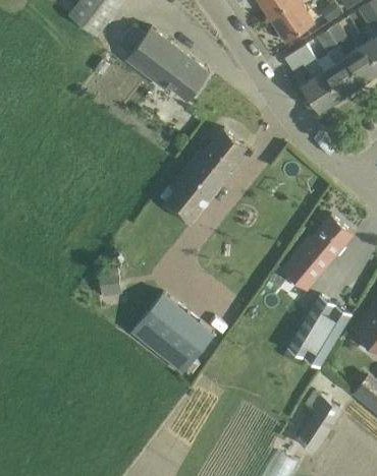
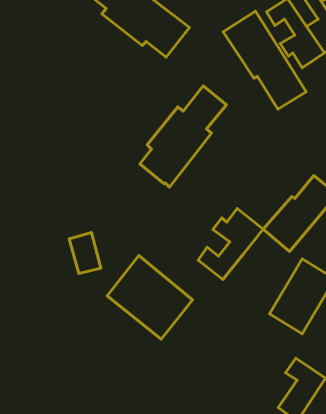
building: none -> [223,11,306,109]
building: none -> [198,208,263,280]

